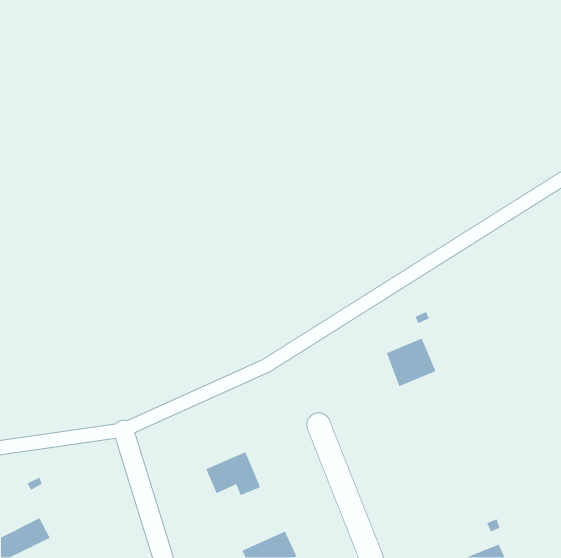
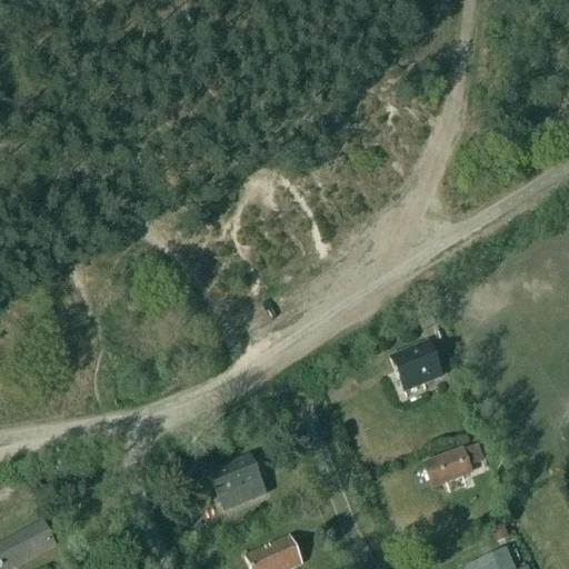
building: none -> [425,443,483,485]

